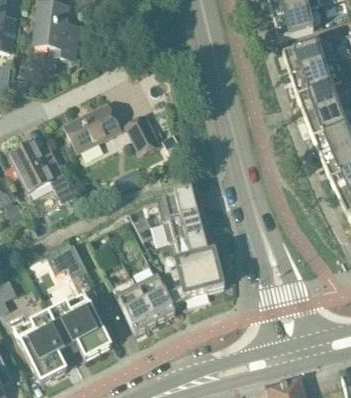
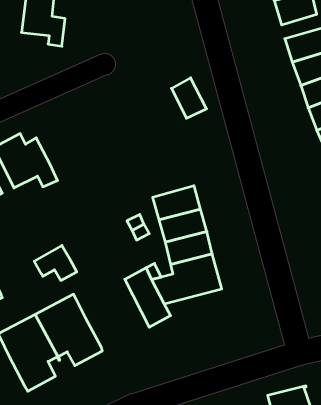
building: [64,103,120,151] -> none
building: [126,115,159,153] -> [171,78,207,118]
building: [112,277,155,332] -> none

